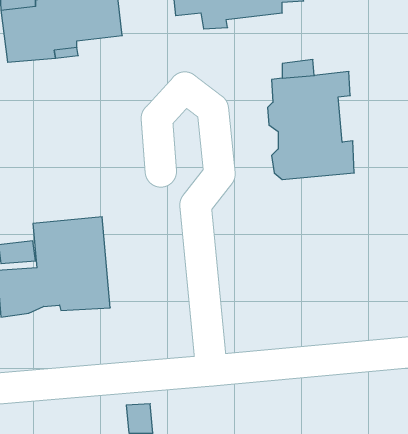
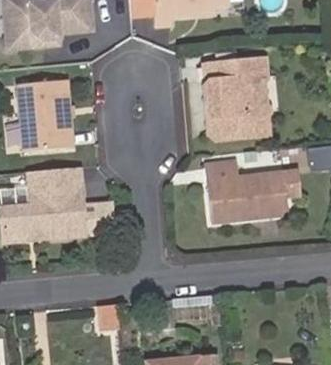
building: none -> [20,76,75,148]
building: none -> [208,161,290,221]

